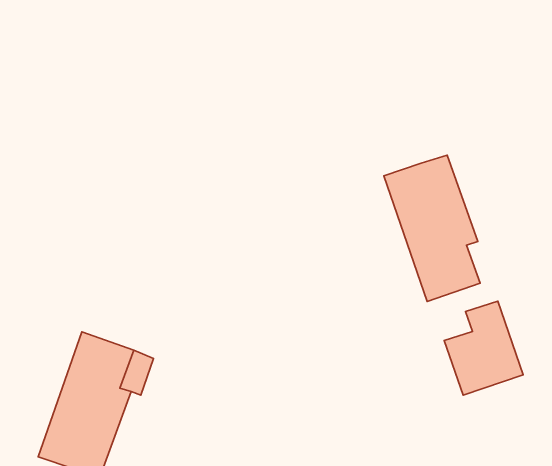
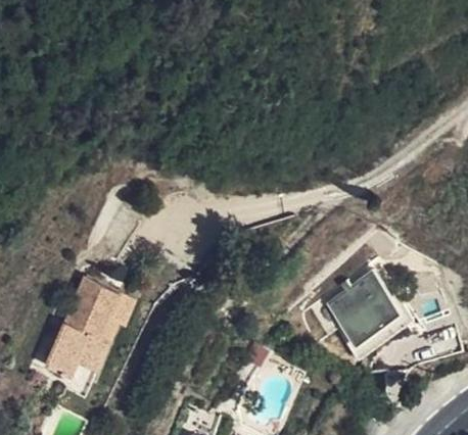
building: [384,155,480,302] -> none

